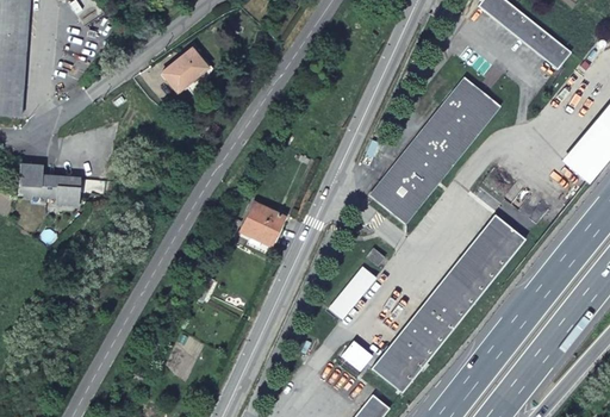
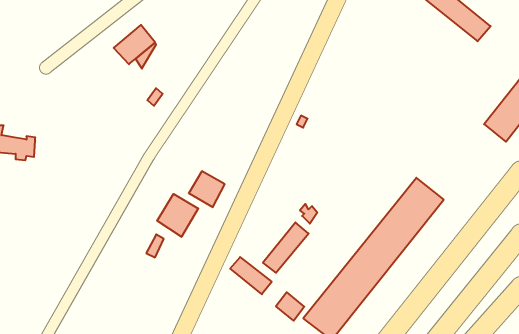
building: [379,85,494,217] -> none
building: none -> [157,194,198,237]
building: none -> [230,257,272,294]

